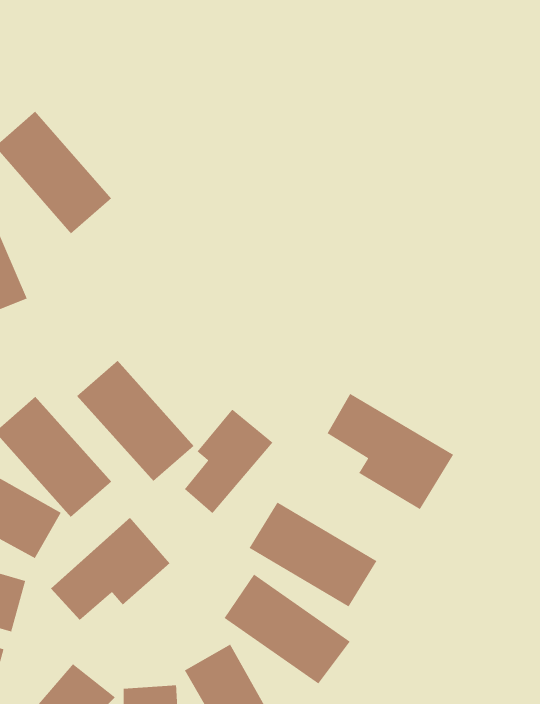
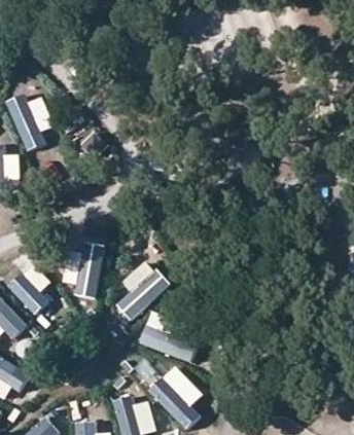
building: [327,393,454,510] -> none
building: [50,517,171,621] -> none

